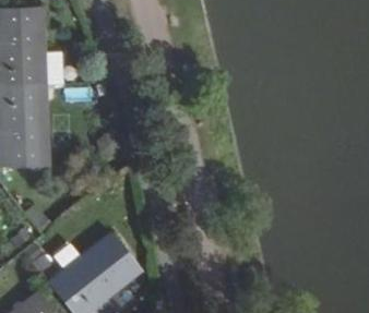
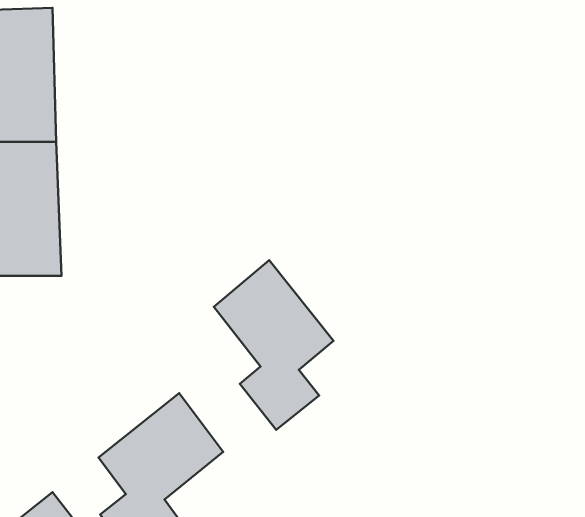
building: none -> [214,260,333,430]

